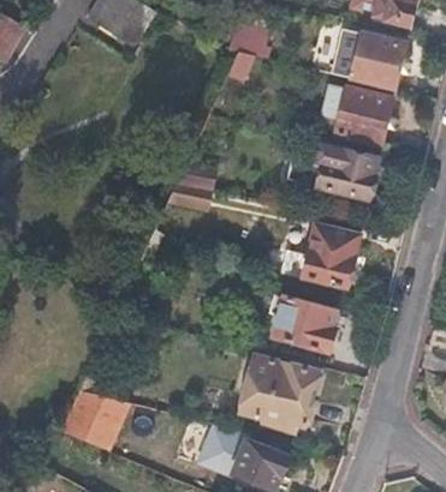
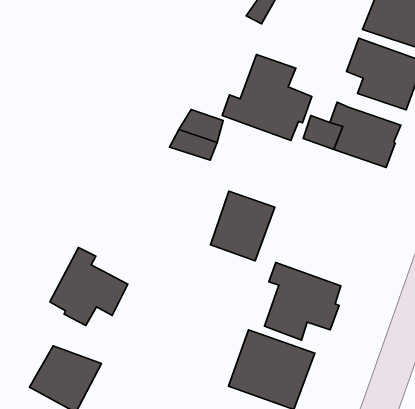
building: none -> [222,55,312,140]
building: [304,226,359,287] -> [211,191,275,261]
building: none -> [50,247,128,325]

